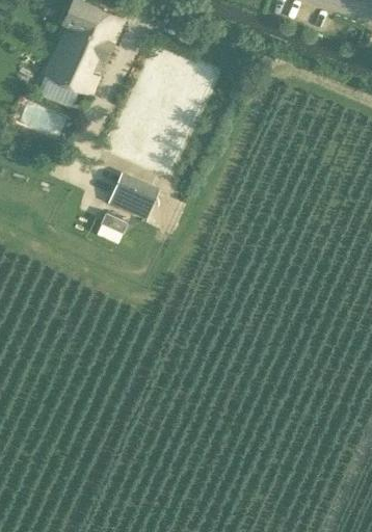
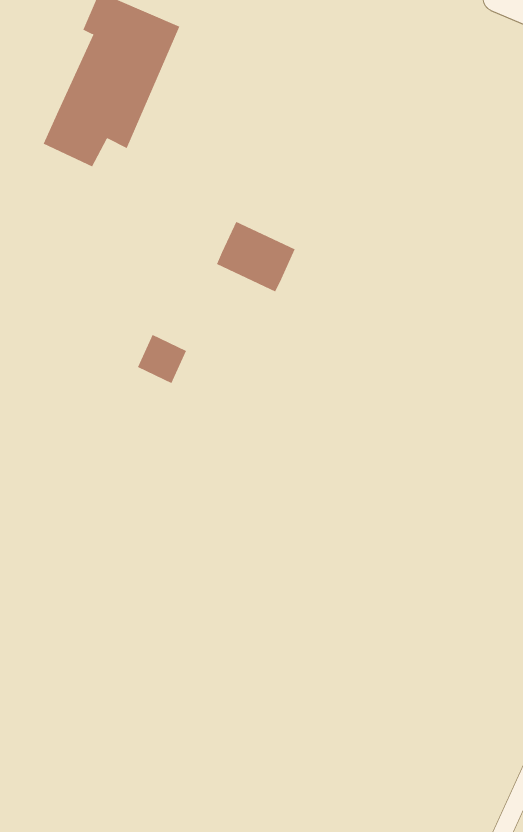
building: [109,171,159,216] -> [216,221,295,292]

